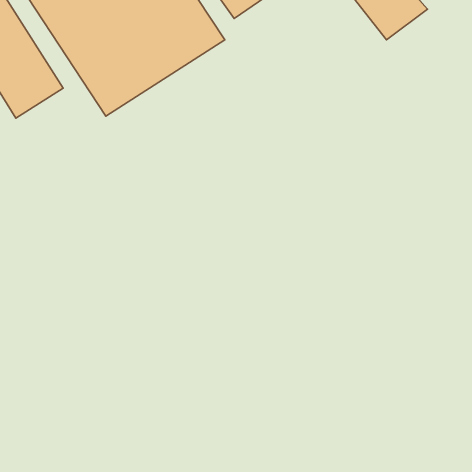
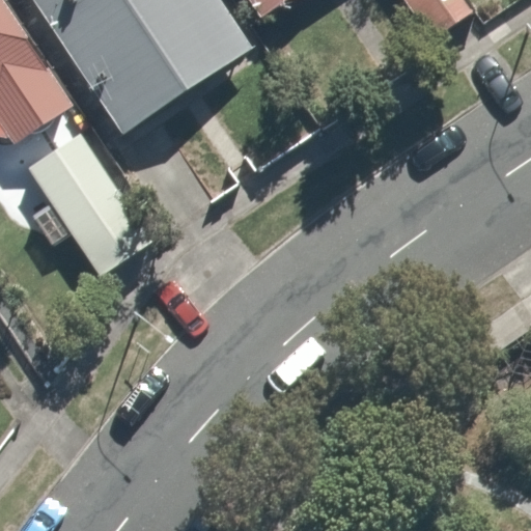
building: none -> [20,131,155,282]

